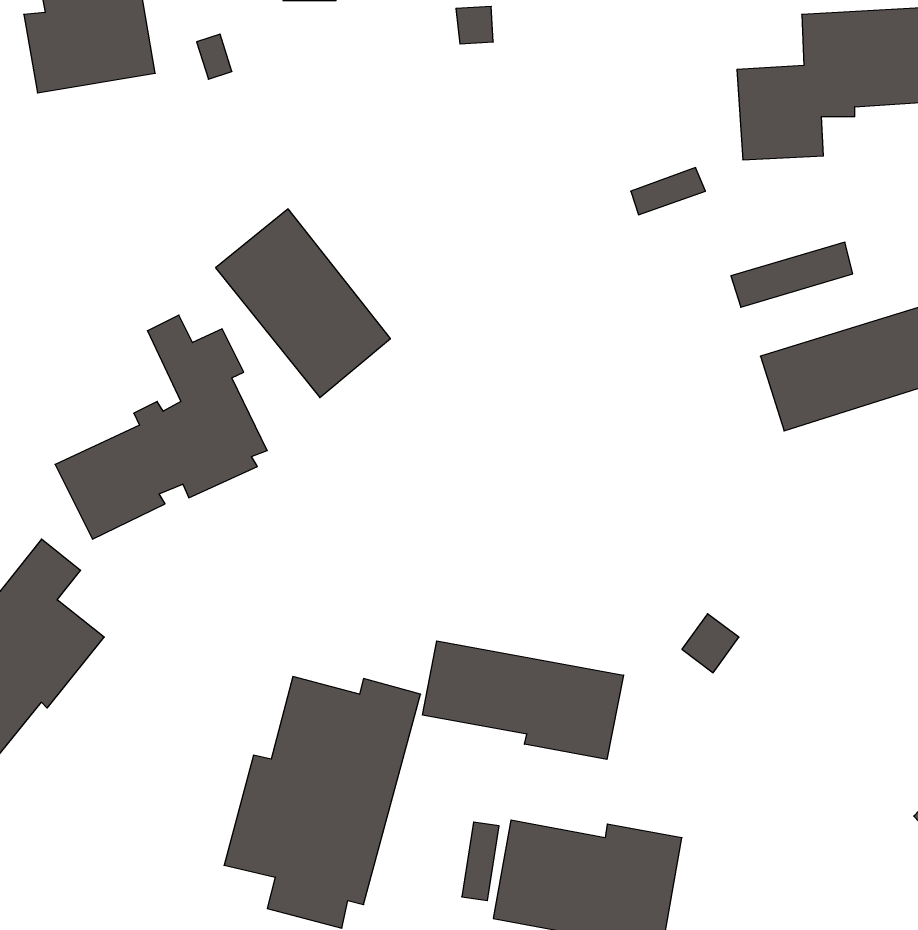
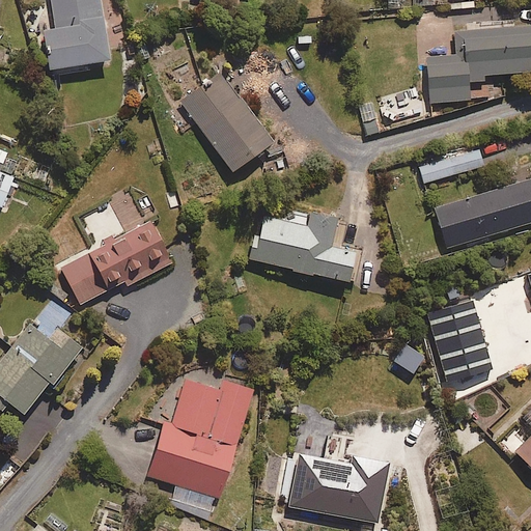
building: [216,209,390,398] -> [184,71,276,170]
building: none -> [249,212,362,283]
building: none -> [423,281,488,382]
building: [423,641,624,759] -> none

